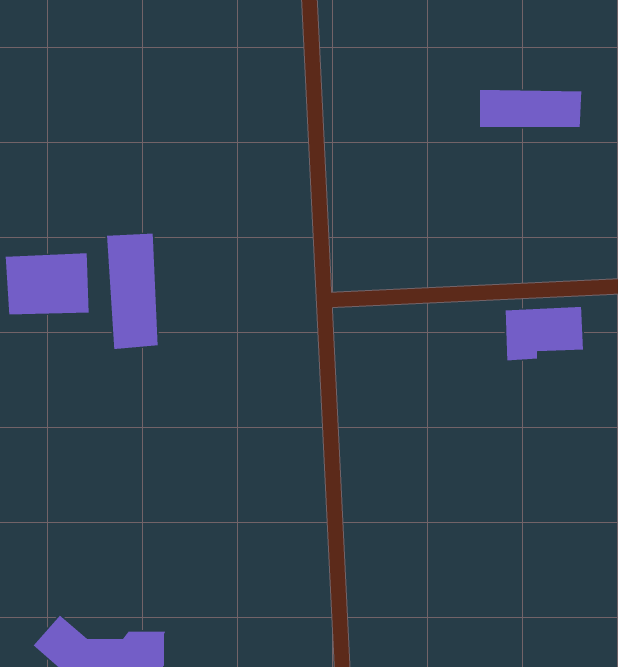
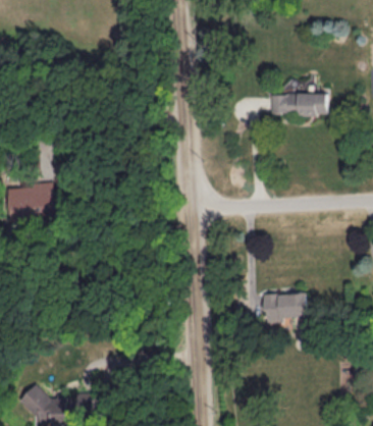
building: [106,233,158,350] -> none
building: [505,306,584,361] -> [263,294,307,324]

